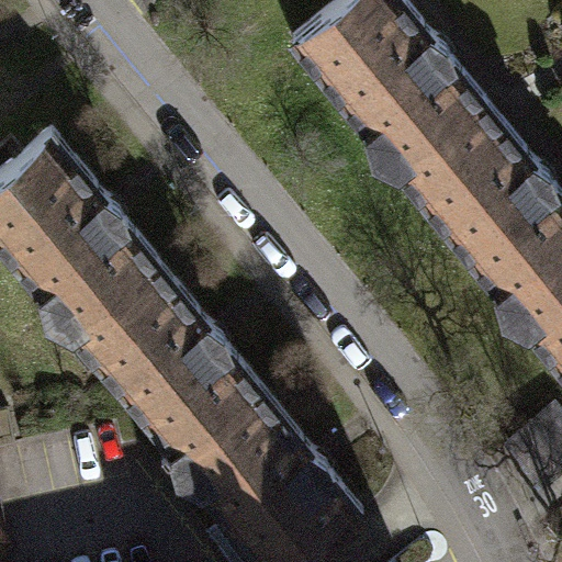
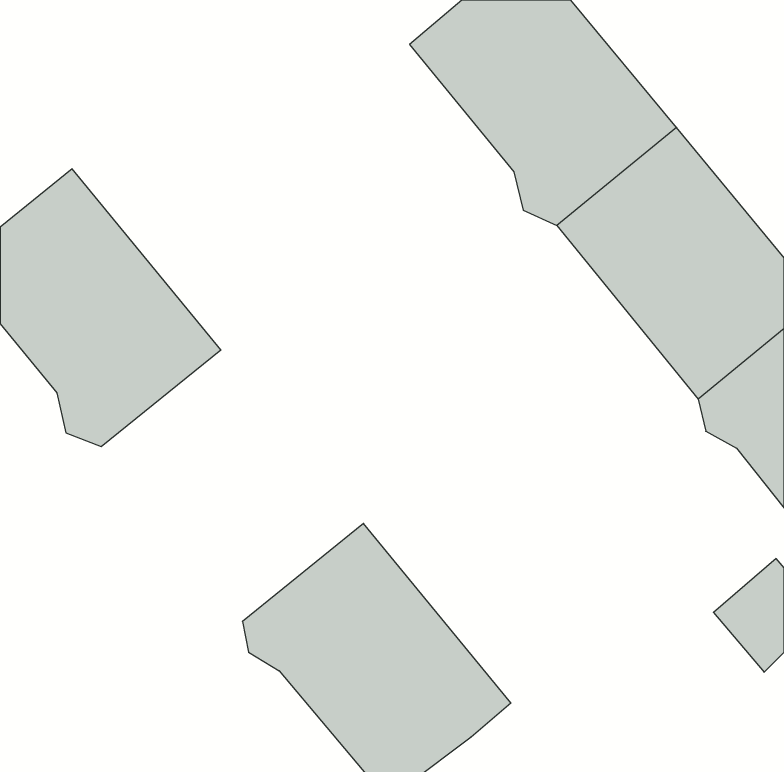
building: [72,259,260,453] -> none

